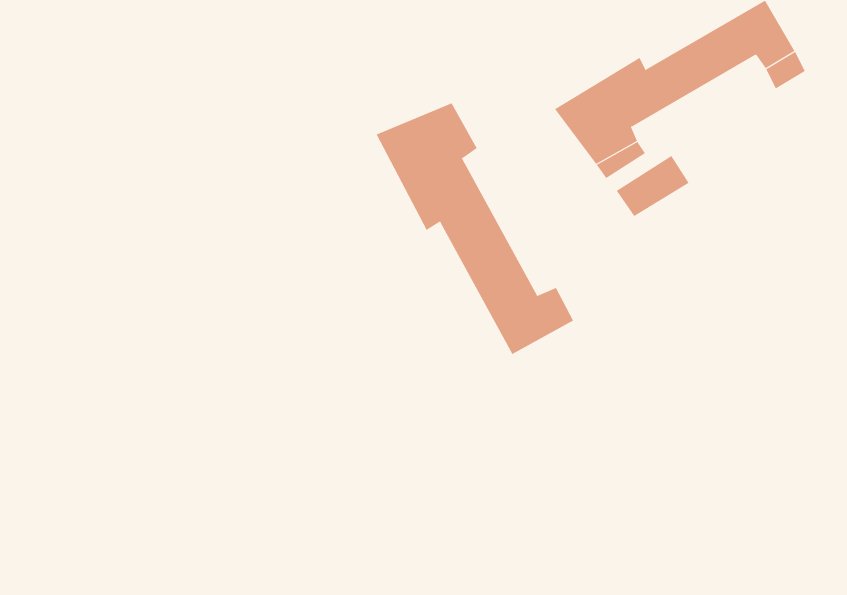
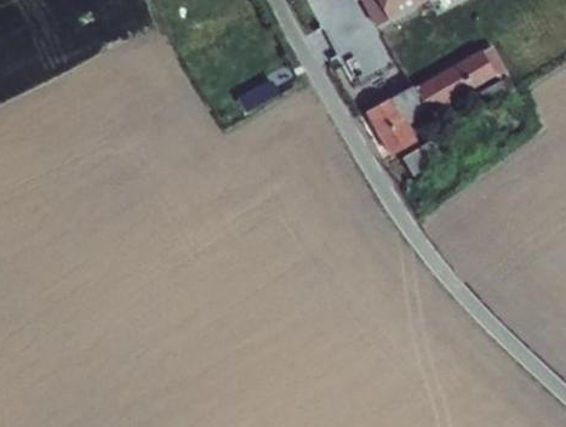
building: [376,102,574,355] -> none

